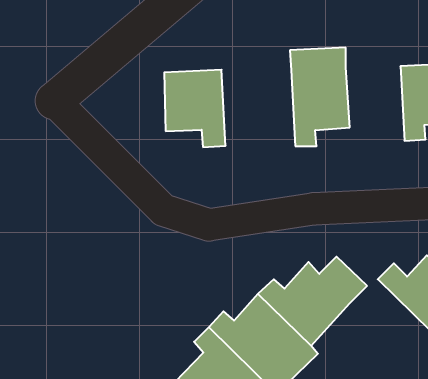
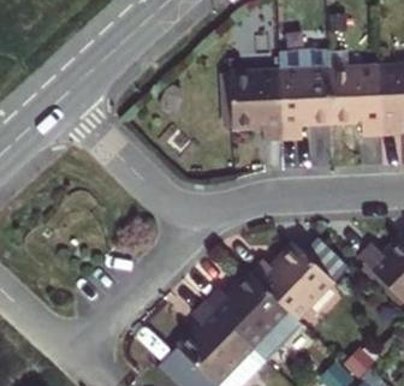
building: none -> [328,66,381,135]
building: [164,70,226,147] -> [227,70,283,139]

